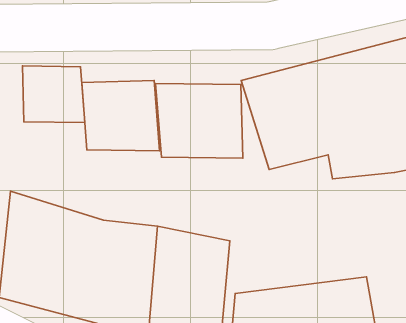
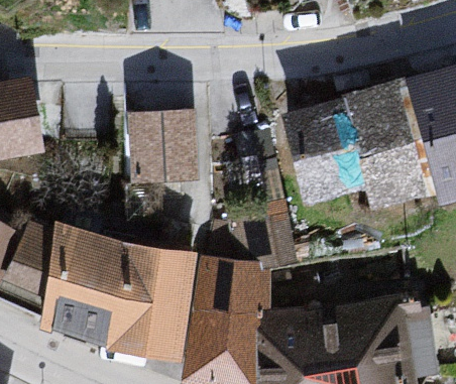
building: [22,66,85,122] -> none
building: [156,84,243,158] -> none

